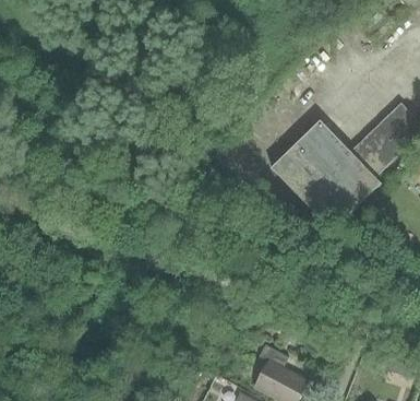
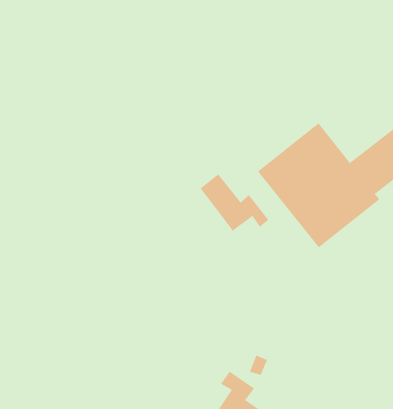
building: none -> [200,173,269,232]

